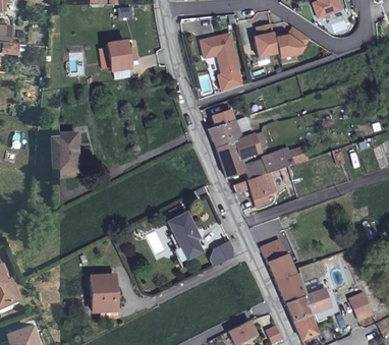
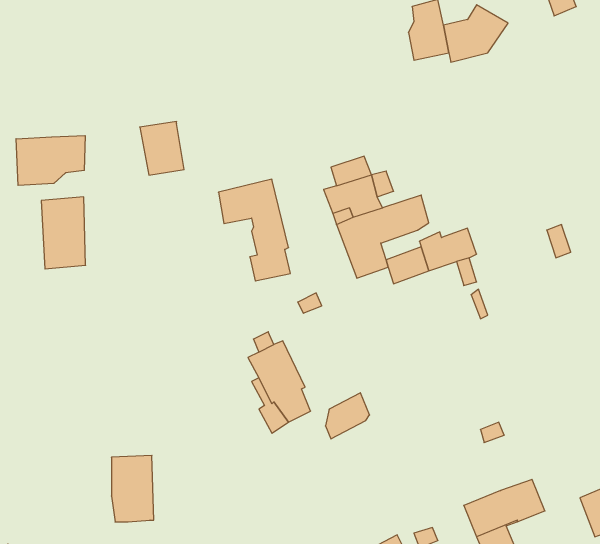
building: [201,34,240,90] -> [218,179,290,281]
building: [105,41,129,70] -> [140,122,184,175]
building: none -> [16,136,85,185]
building: [233,174,277,206] -> none
building: [262,241,307,303] -> none

